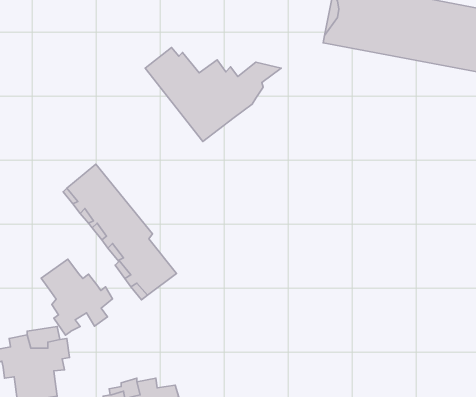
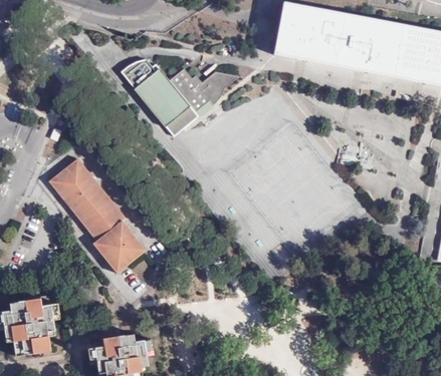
building: [41,259,113,335] -> none

